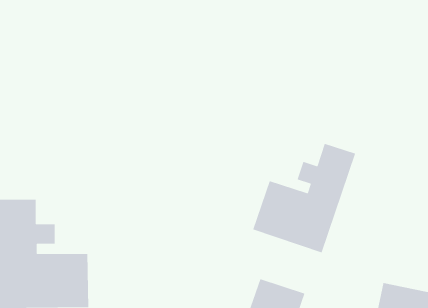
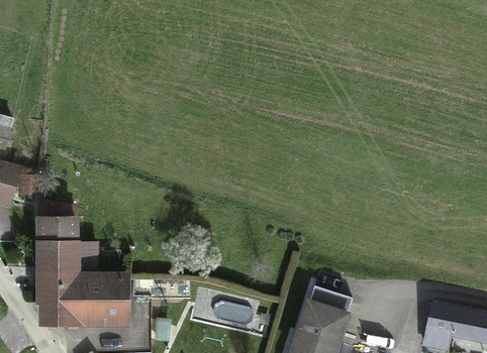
building: [252,143,356,254] -> none

